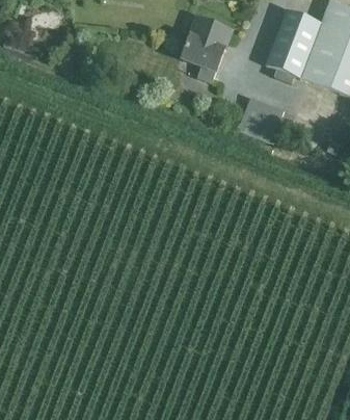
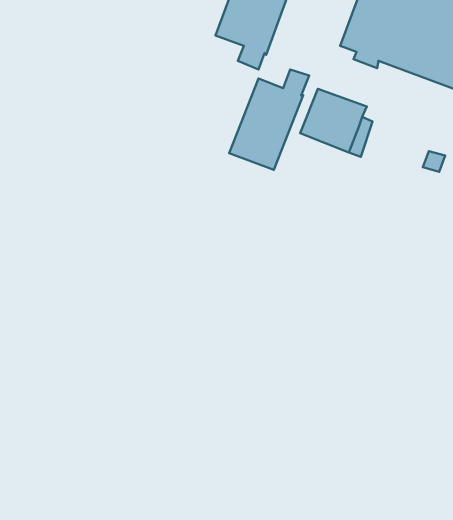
building: none -> [229,70,309,170]

